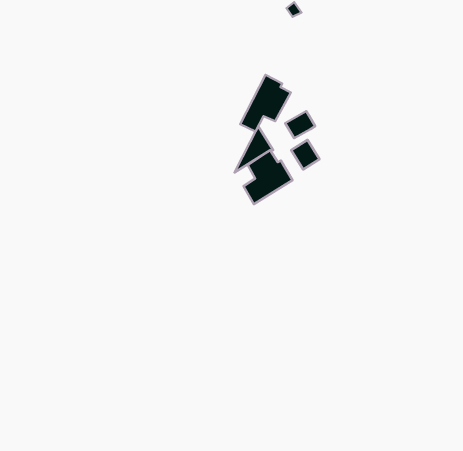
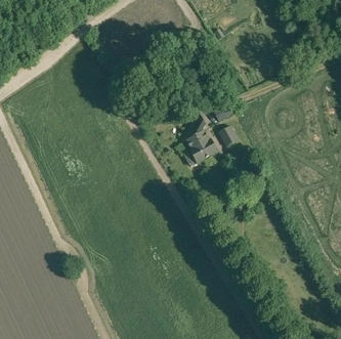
building: [240,75,291,131] -> none

